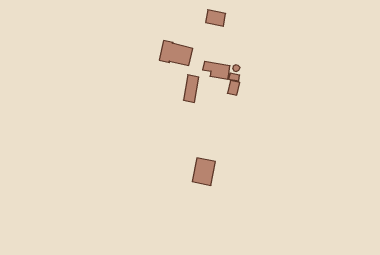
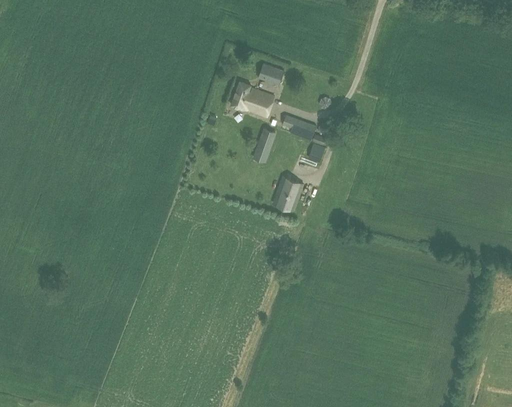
building: [206,10,226,26] -> [257,62,283,85]
building: [192,158,215,185] -> [271,175,303,211]

